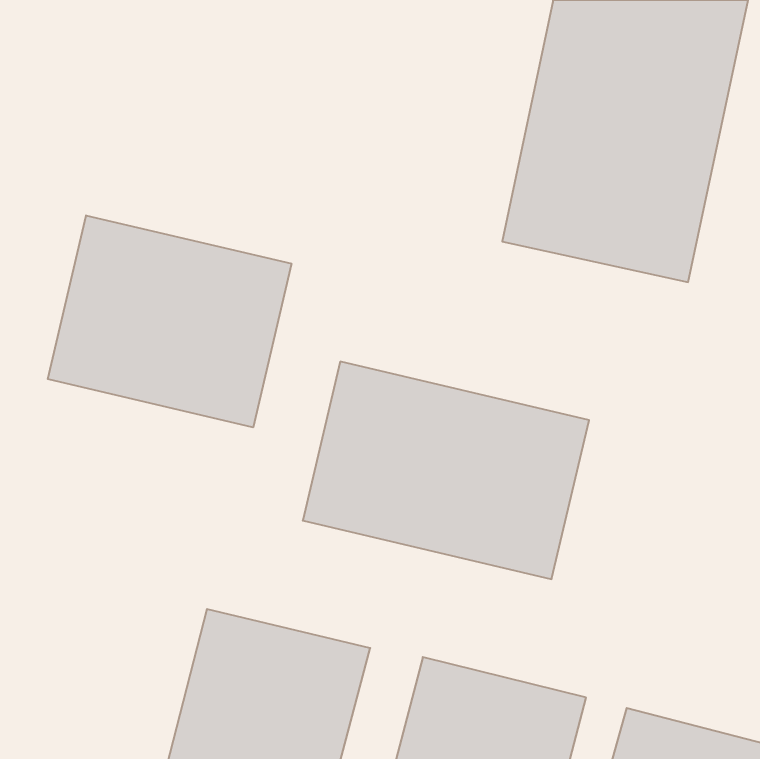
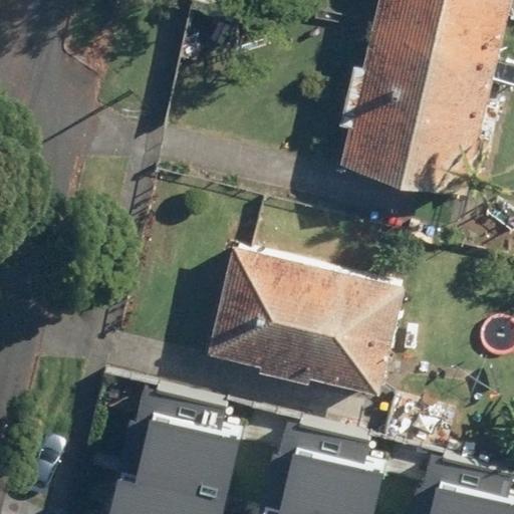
building: [48,215,291,427] -> none

